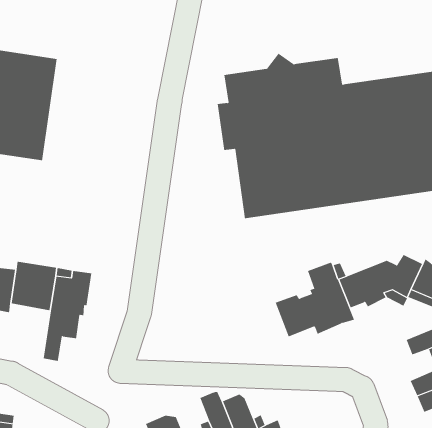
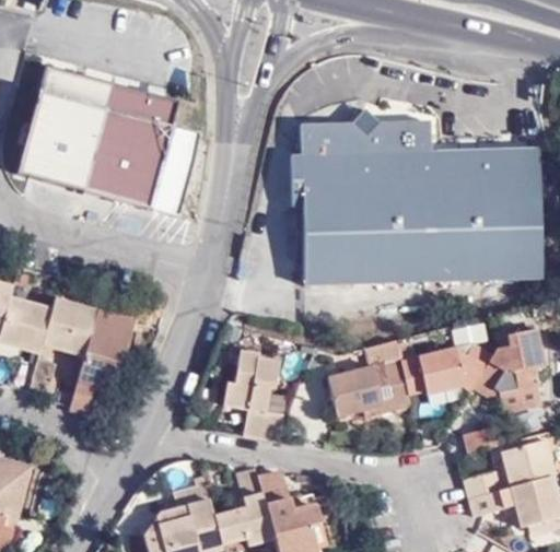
building: none -> [96,85,177,208]
building: none -> [223,351,283,439]

